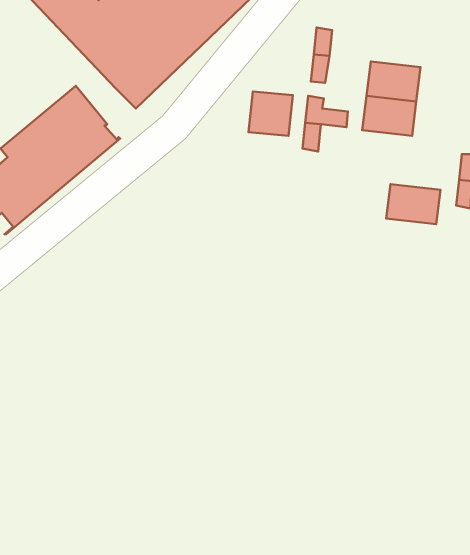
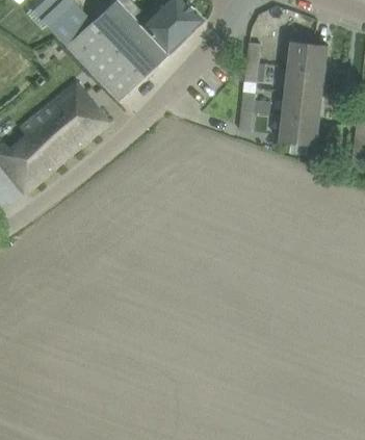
building: none -> [289,42,329,72]
building: [249,91,293,136] -> none
building: [386,184,440,224] -> [280,118,319,147]

